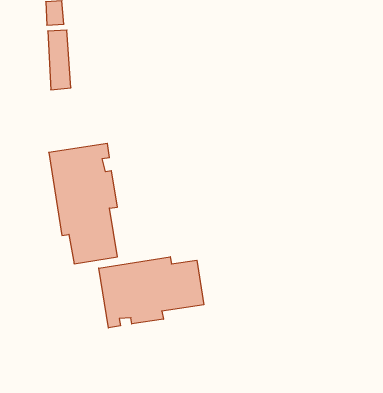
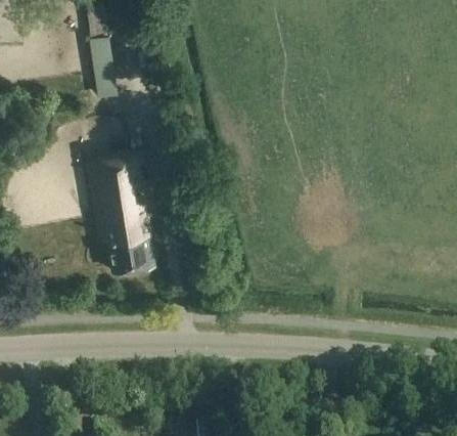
building: [99,257,204,328] -> none

